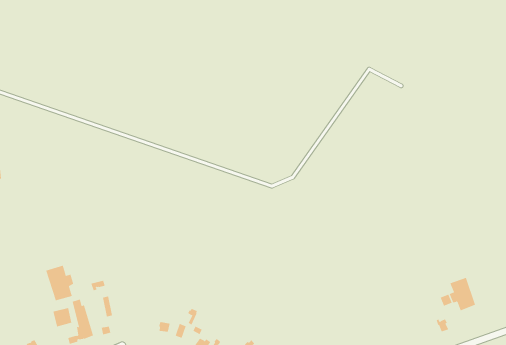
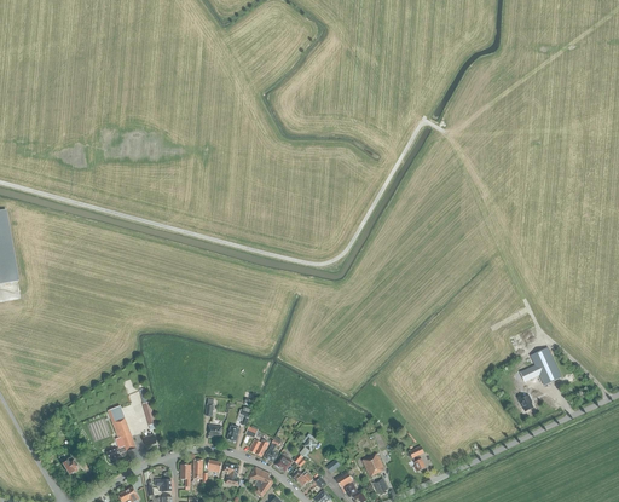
building: [45,265,74,301] -> none

